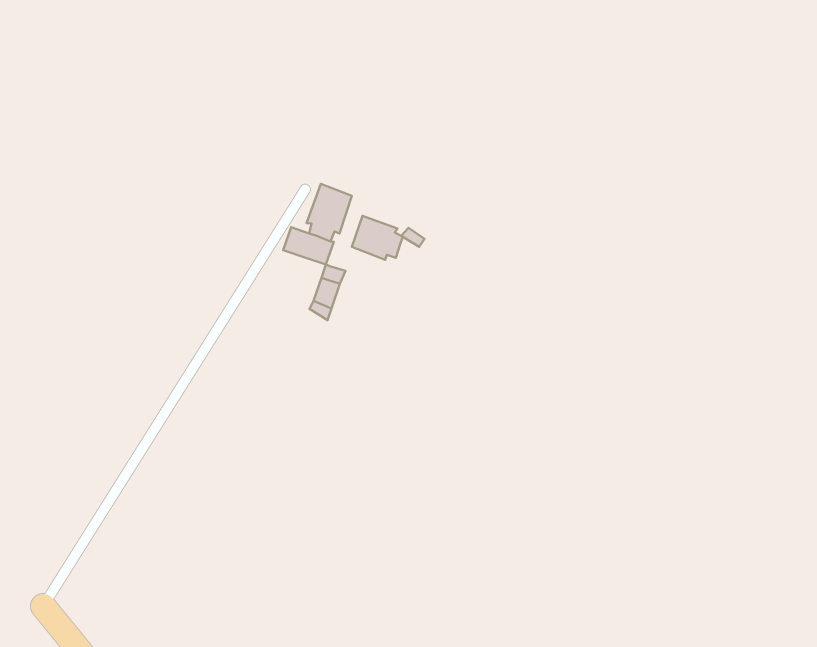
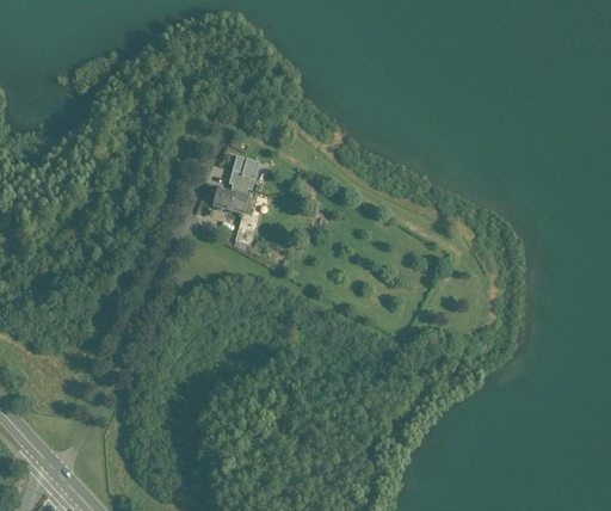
building: [352,216,403,260] -> none

